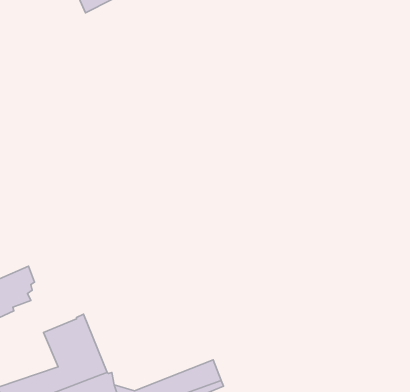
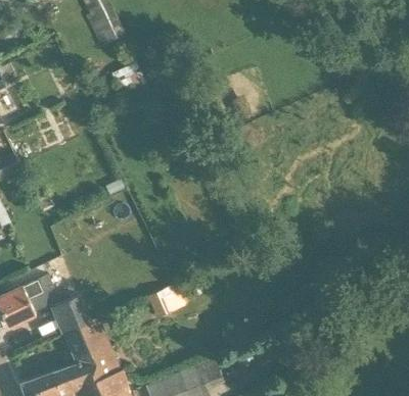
building: none -> [50,295,91,334]

